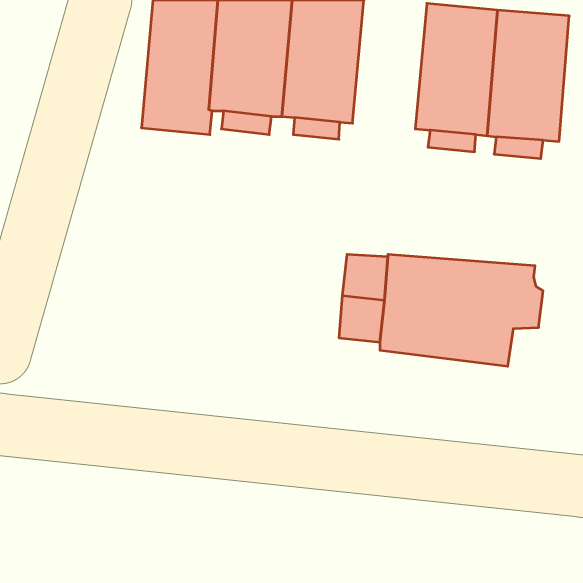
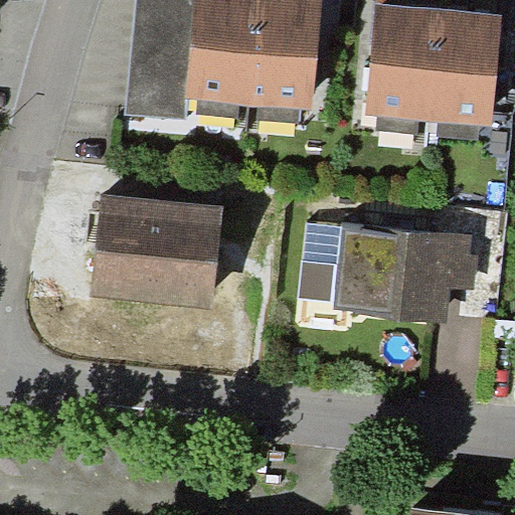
building: none -> [92,194,223,308]

